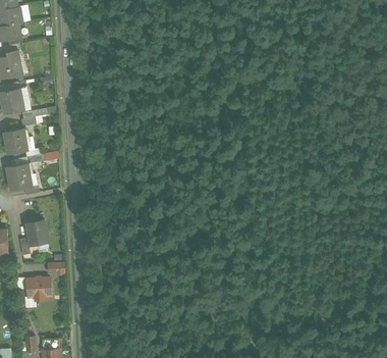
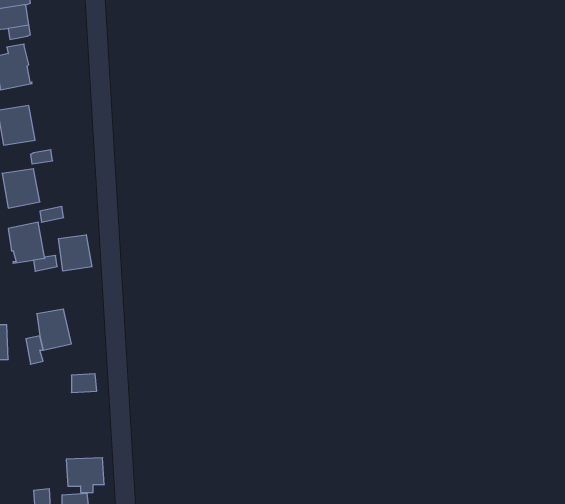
building: none -> [59,235,92,271]
building: [25,277,50,300] -> [66,458,104,492]

